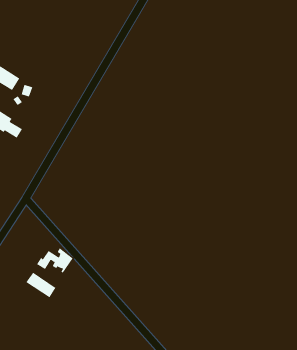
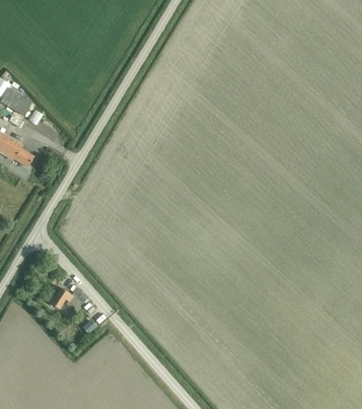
building: [26,272,56,298] -> none

